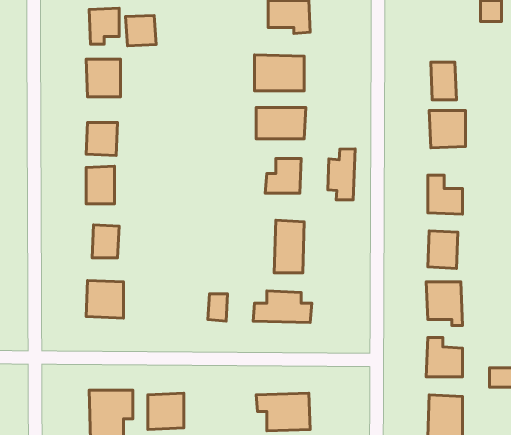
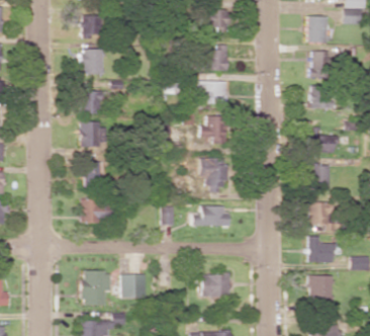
building: none -> [308,15,330,43]
building: [126,15,156,46] -> none
building: [328,149,355,200] -> none

